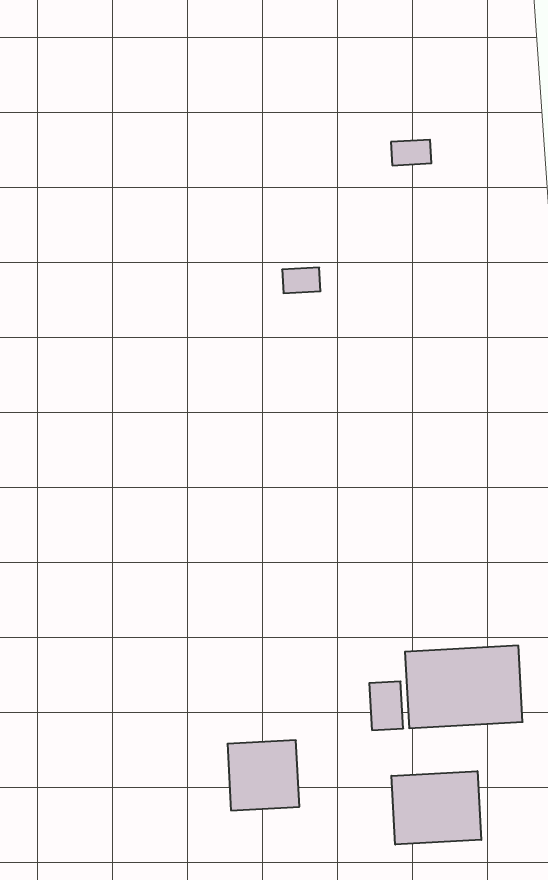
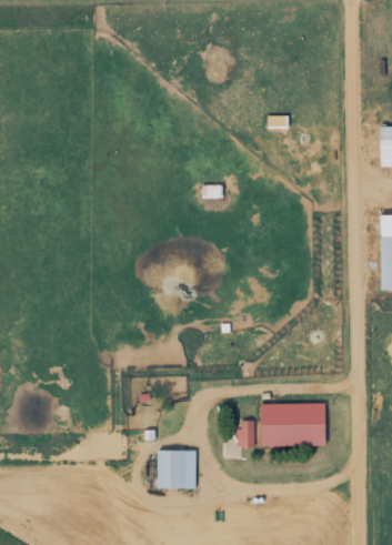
building: [391,771,481,845] -> none

